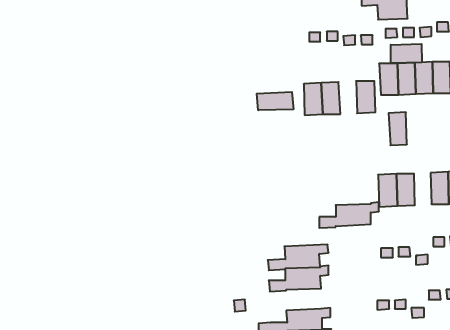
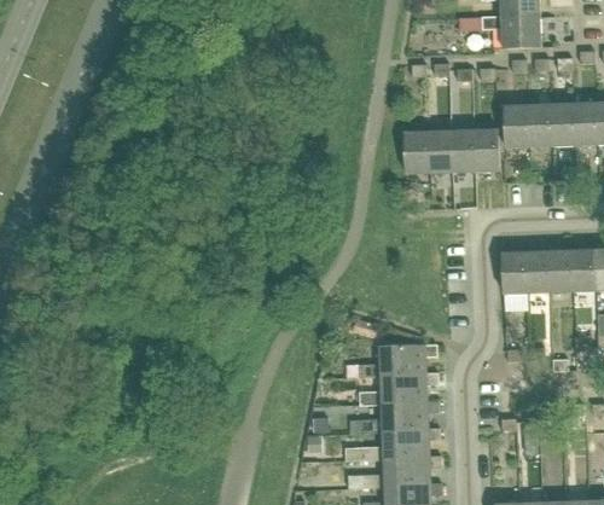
building: [391,44,422,63] -> none
building: [257,92,293,110] -> none
building: [389,112,407,145] -> [449,129,474,173]
building: none -> [548,250,571,292]
building: [319,202,379,228] -> [359,400,437,434]

